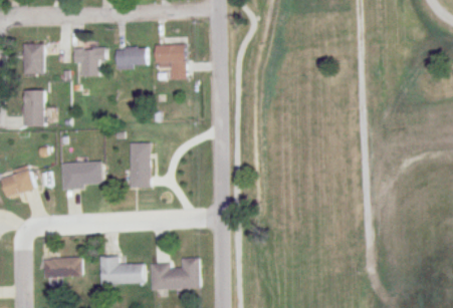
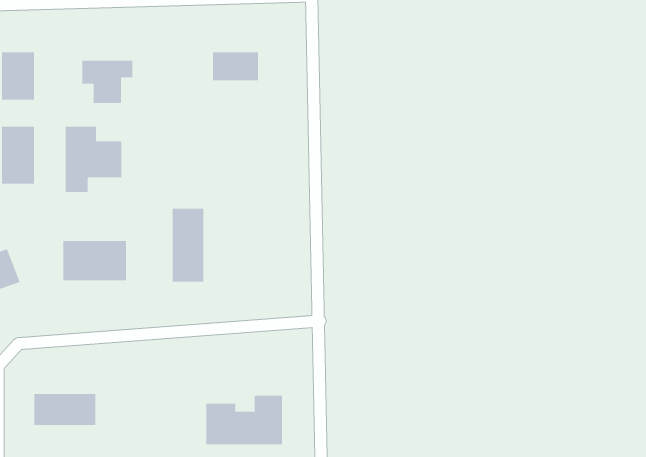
building: [116,48,148,68] -> none
building: none -> [65,126,122,193]
building: [100,256,144,284] -> none

